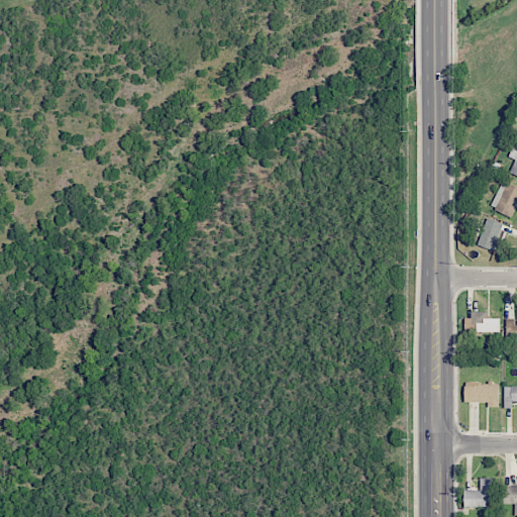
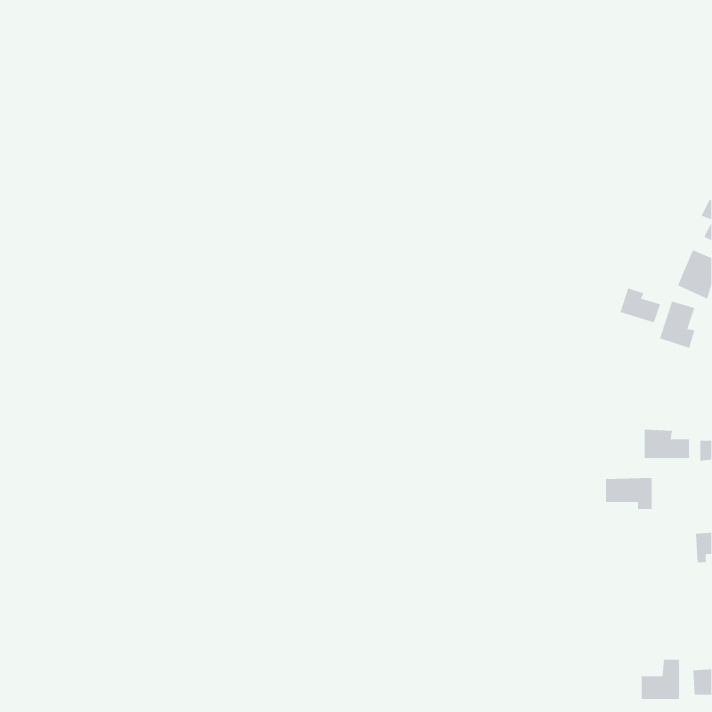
building: none -> [620,287,661,323]
building: [464,384,499,407] -> [605,478,653,510]

